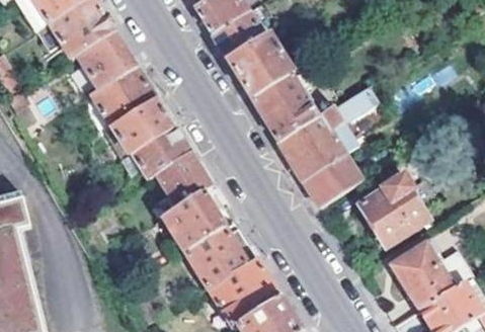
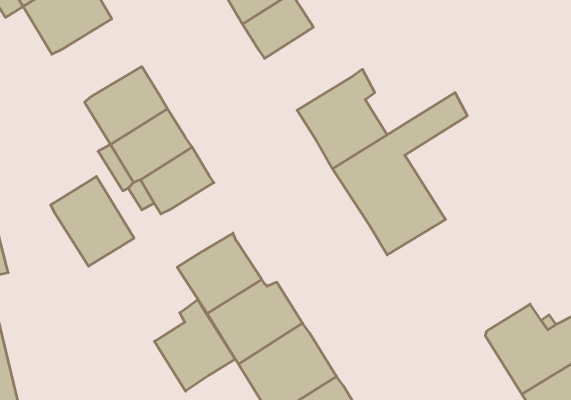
building: [77,31,136,89] -> none
building: [227,34,293,99] -> none
building: none -> [51,176,134,266]
building: [158,153,211,205] -> none
building: [358,173,429,246] -> none
building: none -> [154,299,235,391]

